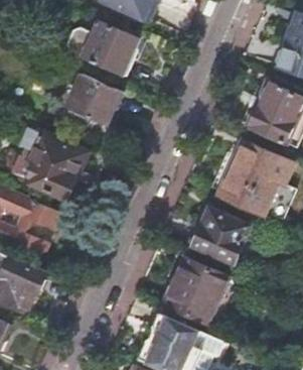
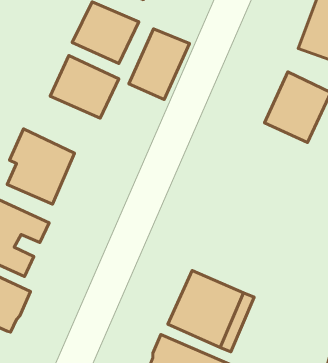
building: none -> [129,29,189,99]
building: [211,139,293,215] -> none
building: [193,209,251,263] -> none

